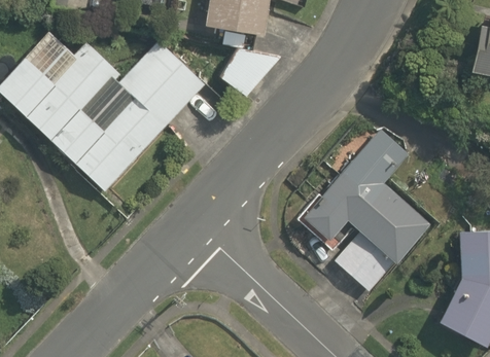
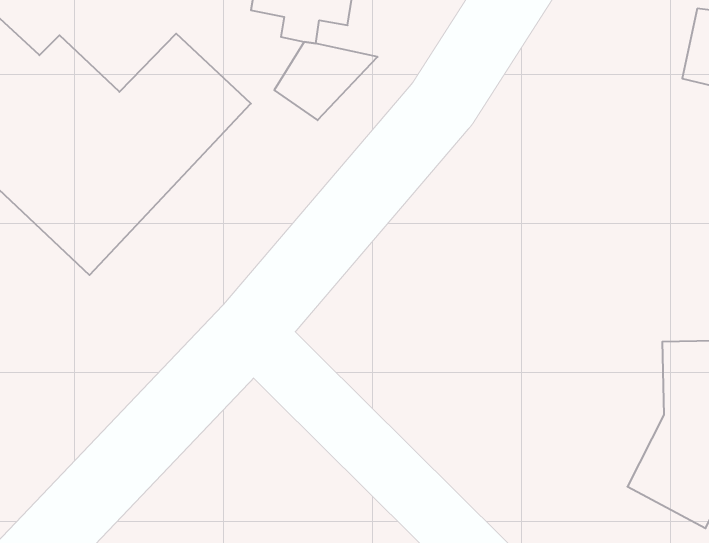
building: [302,132,430,291] -> none

